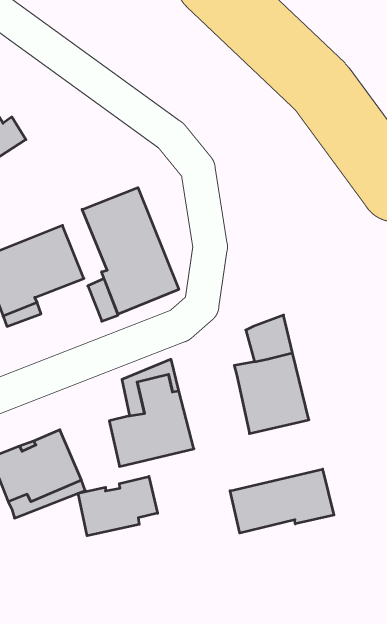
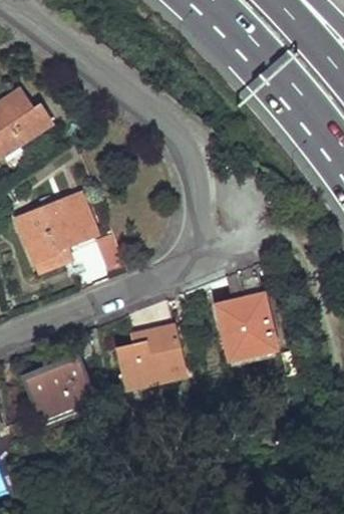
building: [82,188,179,314] -> none
building: [230,469,334,533] -> none
building: [78,476,158,536] -> none

